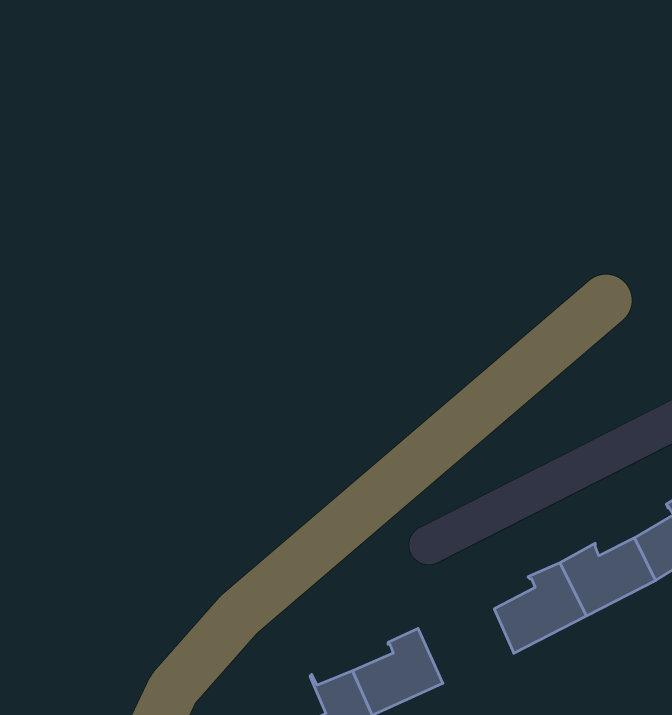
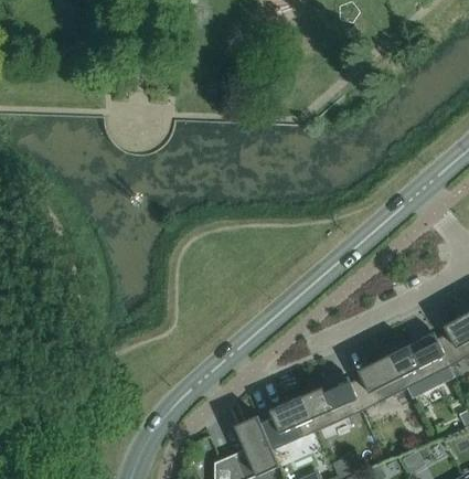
building: none -> [302,383,362,429]

